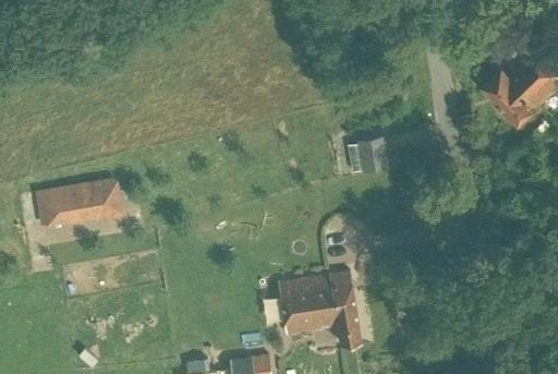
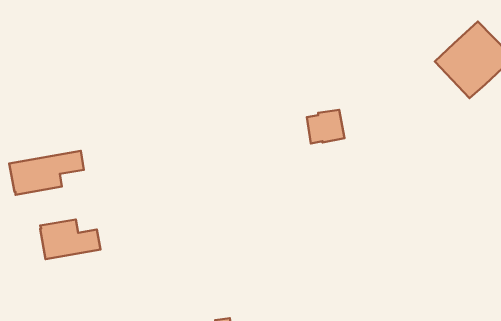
building: none -> [40,219,101,259]
building: [278,272,361,343] -> none

